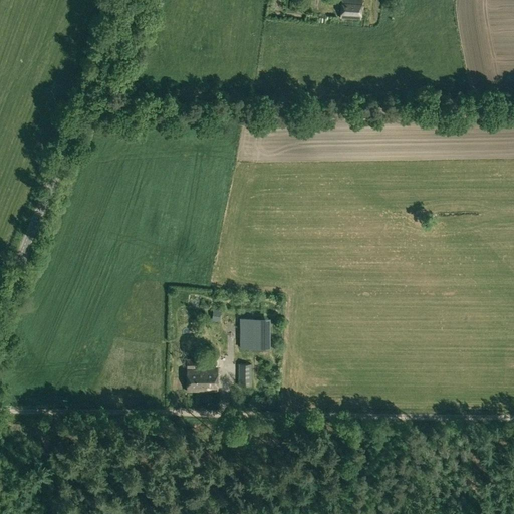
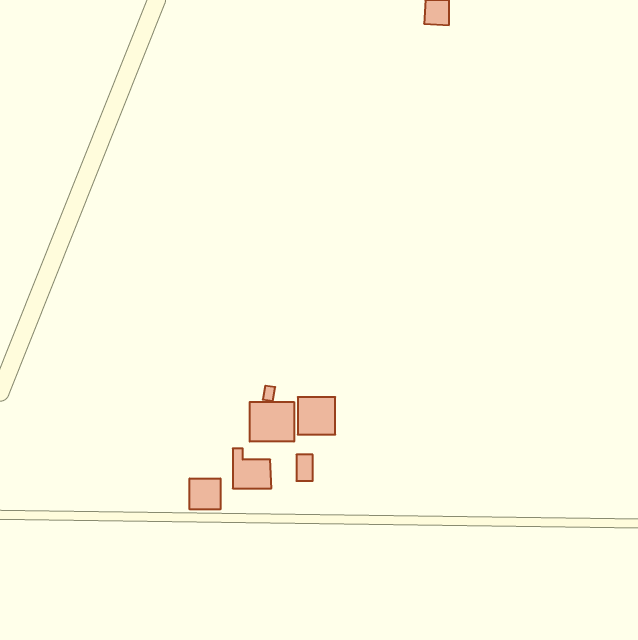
building: none -> [250,402,294,442]
building: none -> [190,478,220,509]

